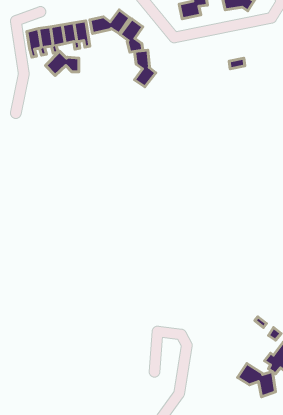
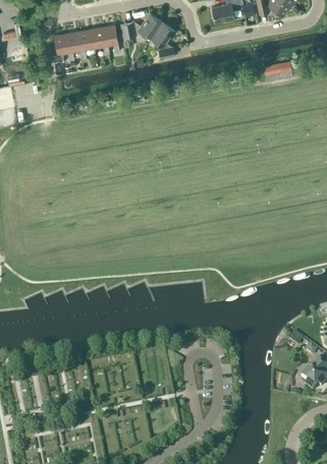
building: [135,50,156,87] -> none
building: [45,51,79,75] -> none
building: [238,364,276,397] -> none

